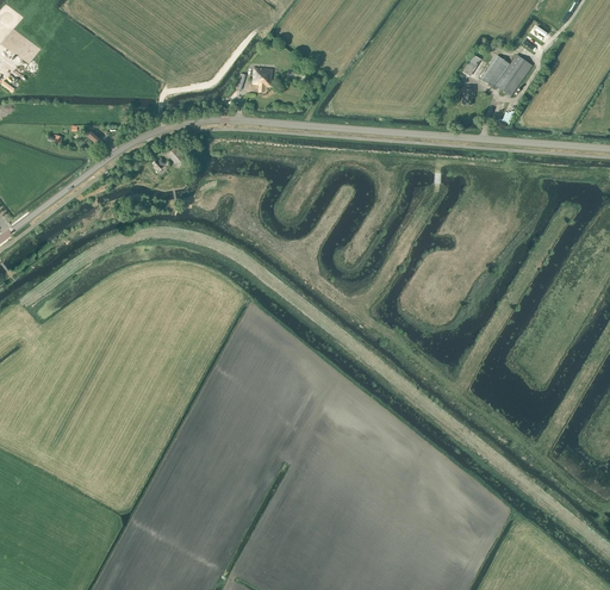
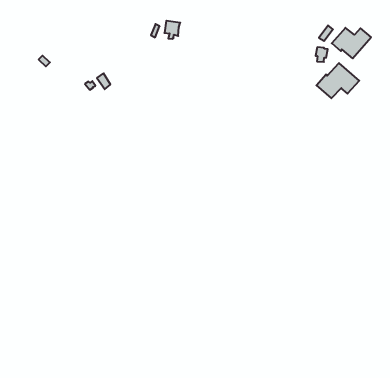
building: none -> [316,63,359,98]

